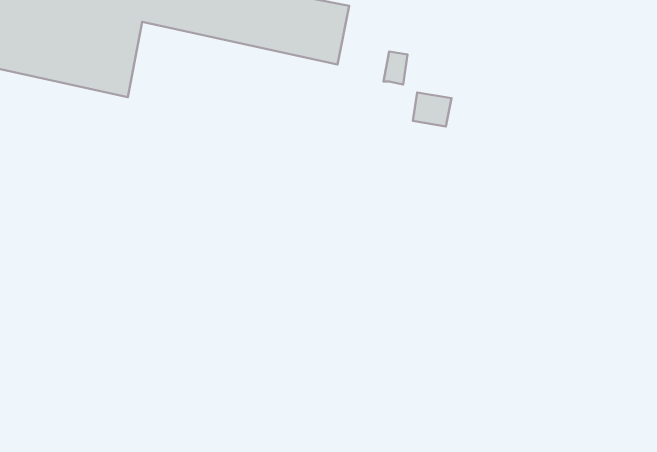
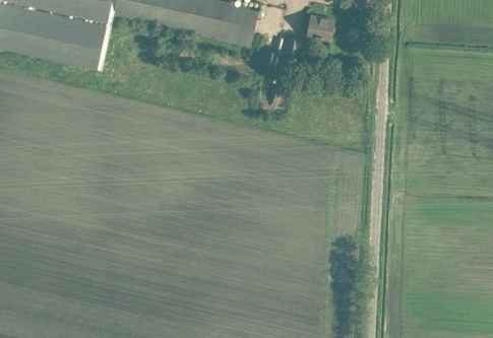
building: [413,92,451,127] -> [307,15,334,40]

